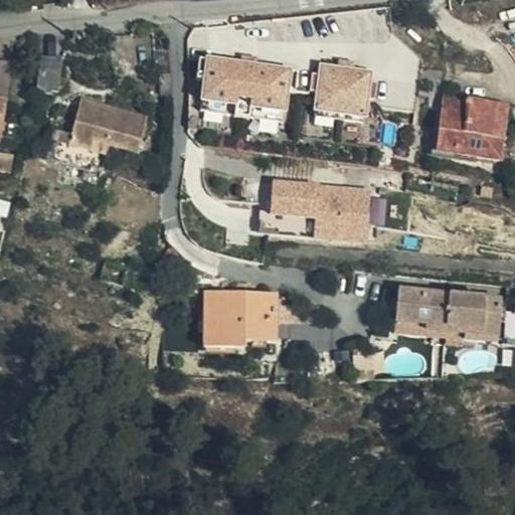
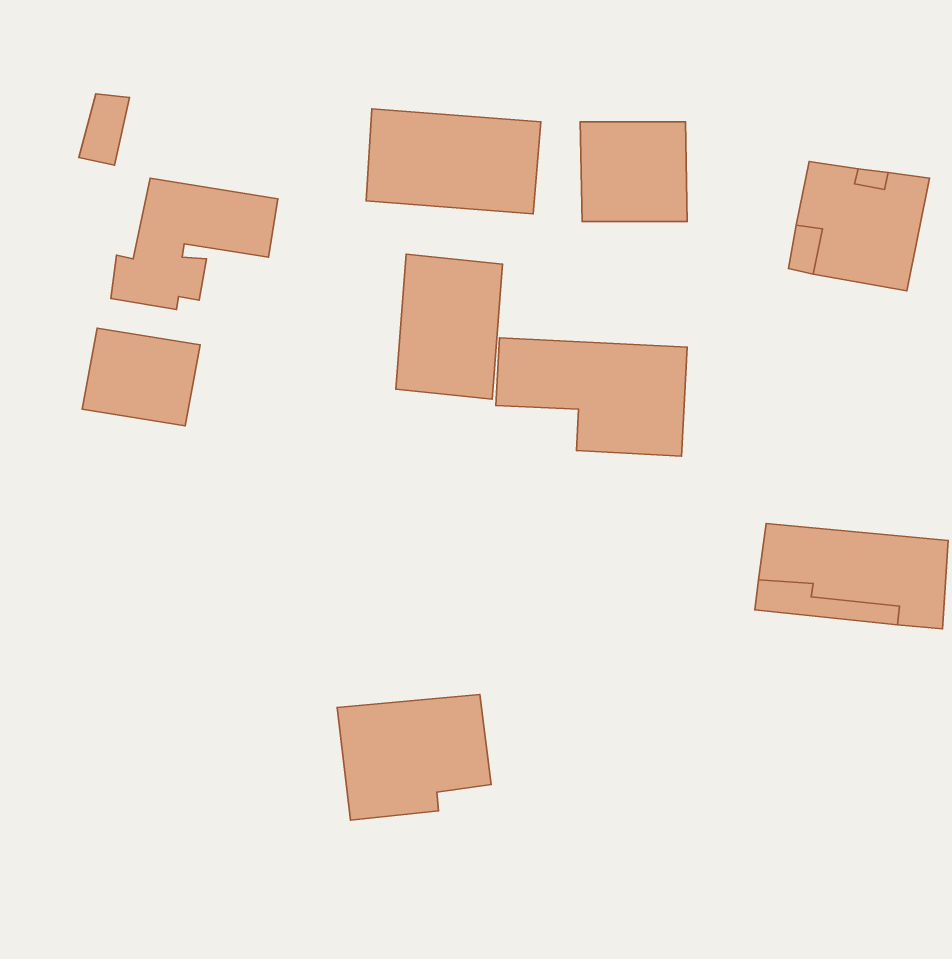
building: none -> [396,254,503,399]
building: none -> [82,328,200,426]
building: [217,288,300,355] -> [337,695,491,820]

